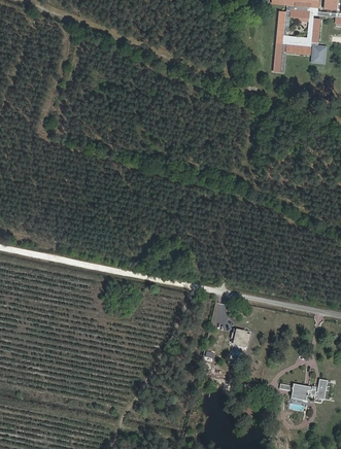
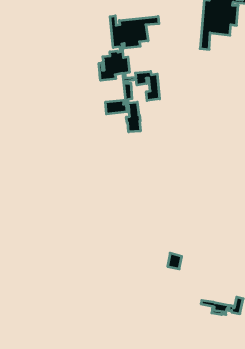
building: none -> [99,16,160,132]

